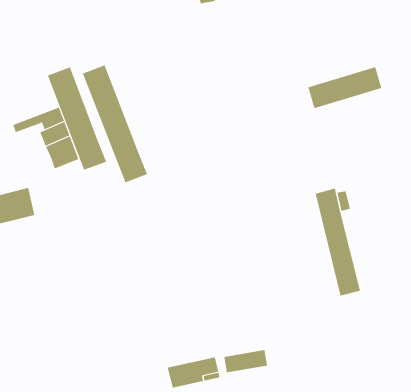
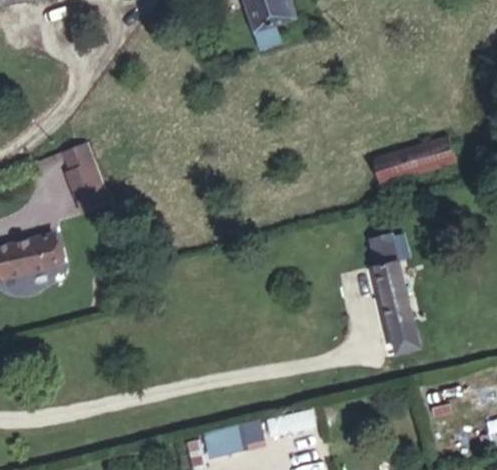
building: [82,65,148,183] -> none
building: [307,66,382,109] -> [373,137,456,184]
building: [47,66,107,171] -> none

